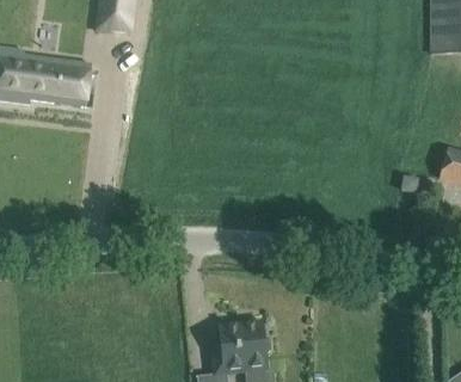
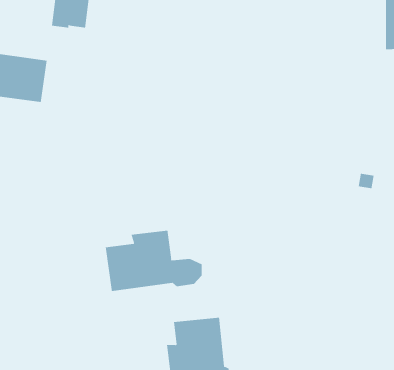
building: none -> [105,230,202,292]

